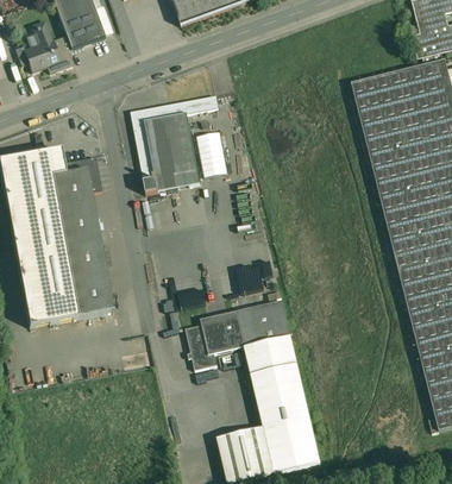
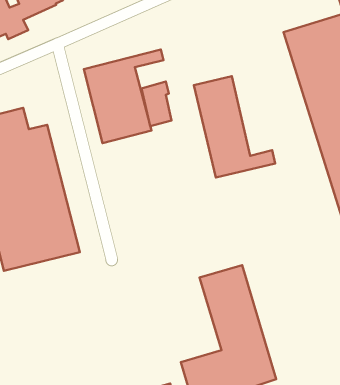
building: none -> [194,76,275,178]
building: [186,297,291,367] -> none

